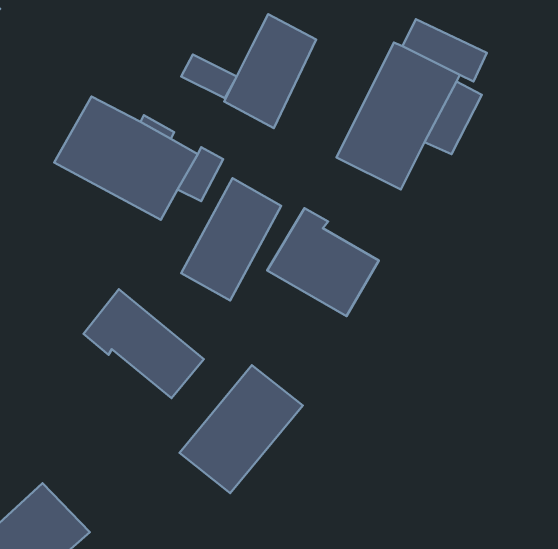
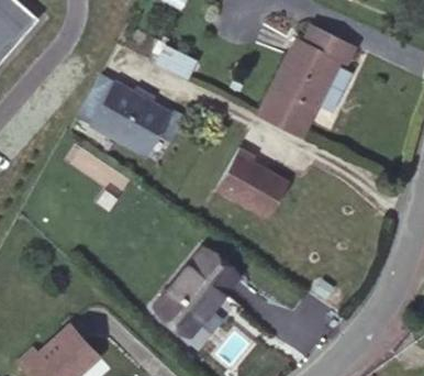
building: [224,14,316,128] -> none
building: [181,178,281,301] -> none
building: [83,289,204,398] -> none

